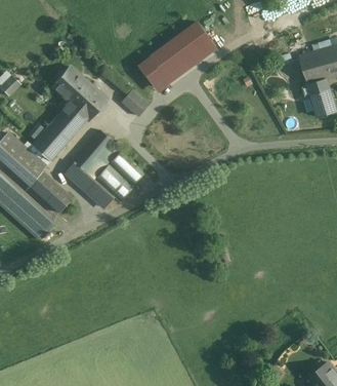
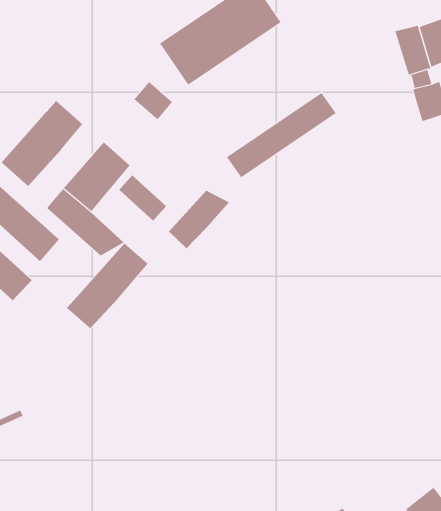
building: [52,66,107,119] -> none
building: none -> [226,92,337,178]
building: none -> [168,190,230,249]
building: none -> [67,242,149,330]

